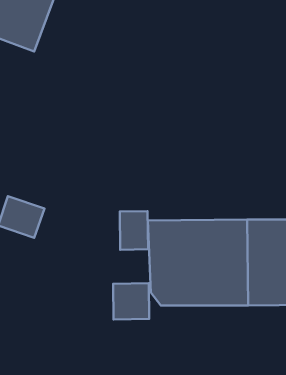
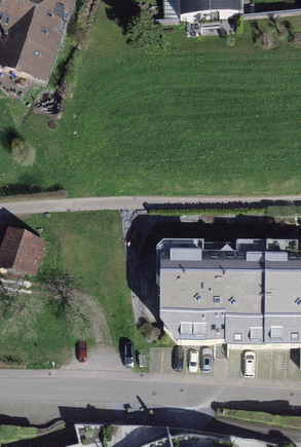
building: [120,211,148,250] -> none
building: [113,283,149,320] -> none

